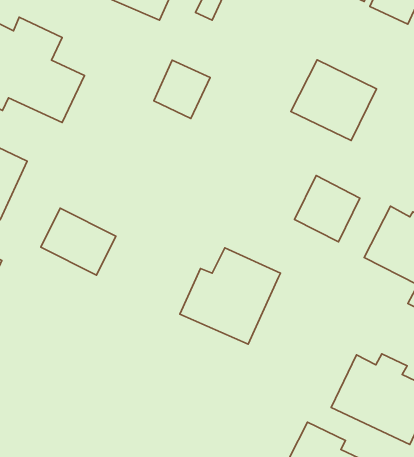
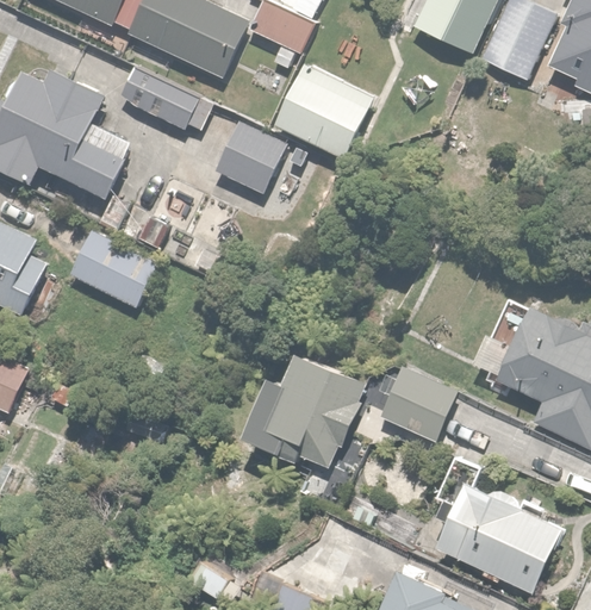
building: none -> [117,64,200,131]
building: [291,60,376,141] -> [273,62,378,161]
building: [295,176,360,242] -> [378,363,458,444]
building: [41,208,116,275] -> [68,226,160,309]

